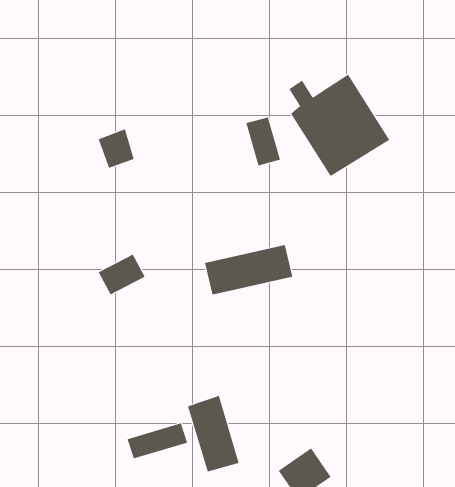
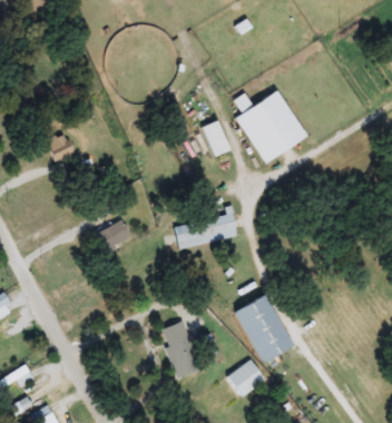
building: [98,128,135,168] -> [47,131,73,160]
building: none -> [236,295,294,362]
building: [127,423,188,459] -> none

